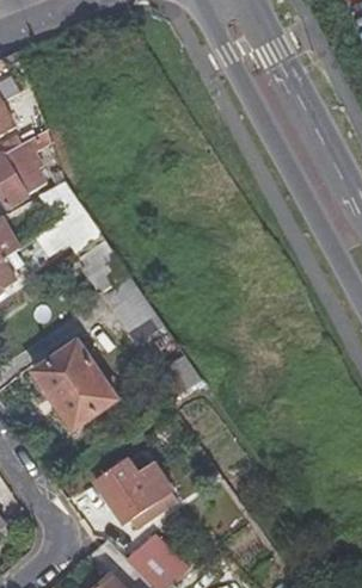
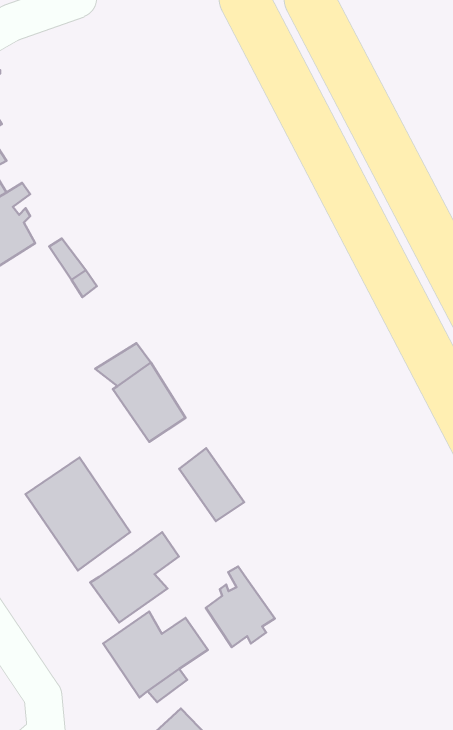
building: none -> [90,532,179,623]
building: none -> [206,566,275,647]

